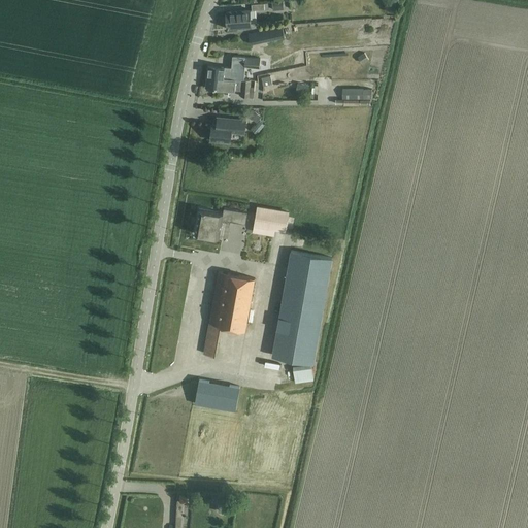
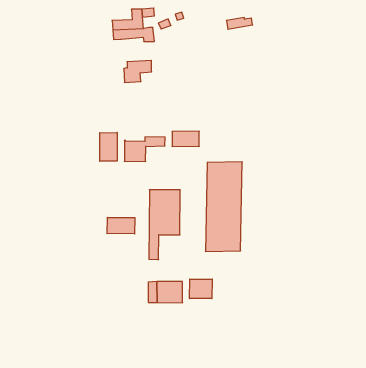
building: none -> [100,132,117,161]
building: none -> [107,217,135,234]
building: none -> [190,279,212,299]

